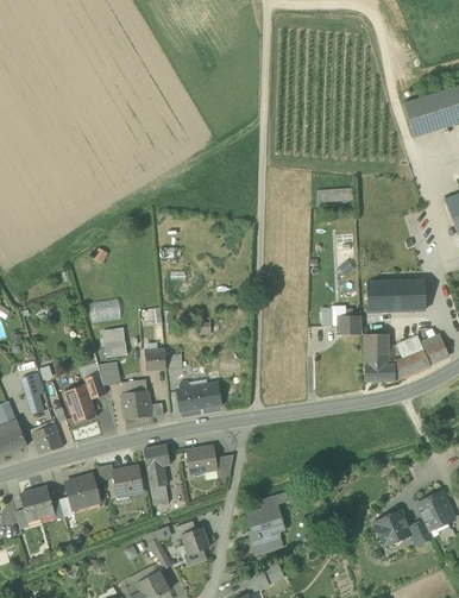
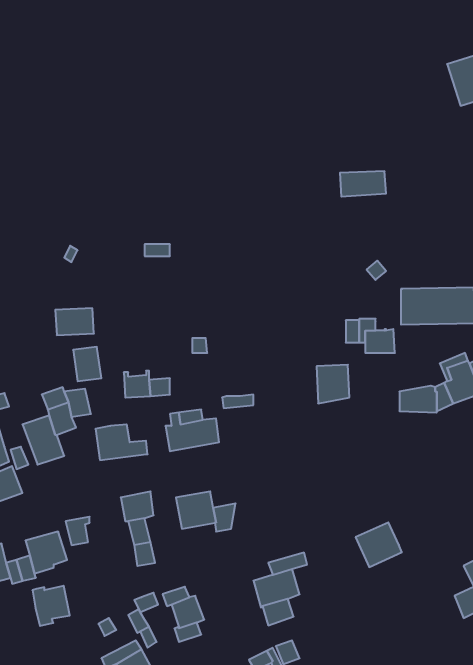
building: [363,333,389,364] -> [317,365,349,403]
building: [113,466,143,498] -> [32,586,70,626]
building: [373,509,410,545] -> [356,522,402,567]

